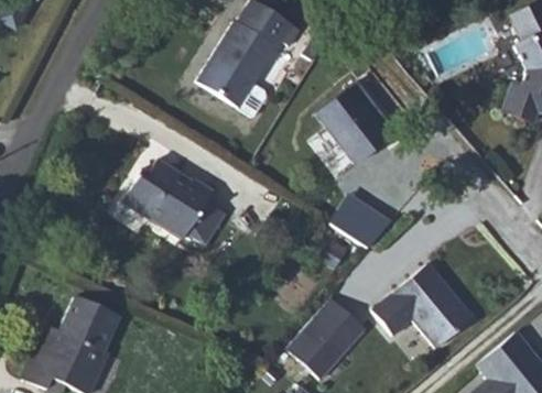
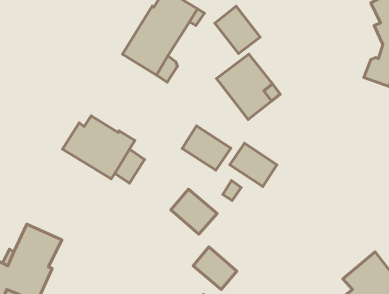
building: none -> [215,6,260,53]
building: none -> [182,126,231,170]
building: [372,263,474,348] -> none
building: [306,298,365,356] -> [171,189,217,234]

